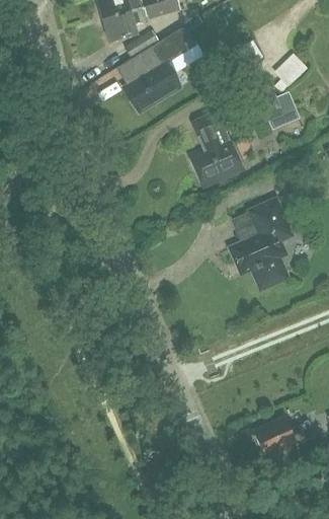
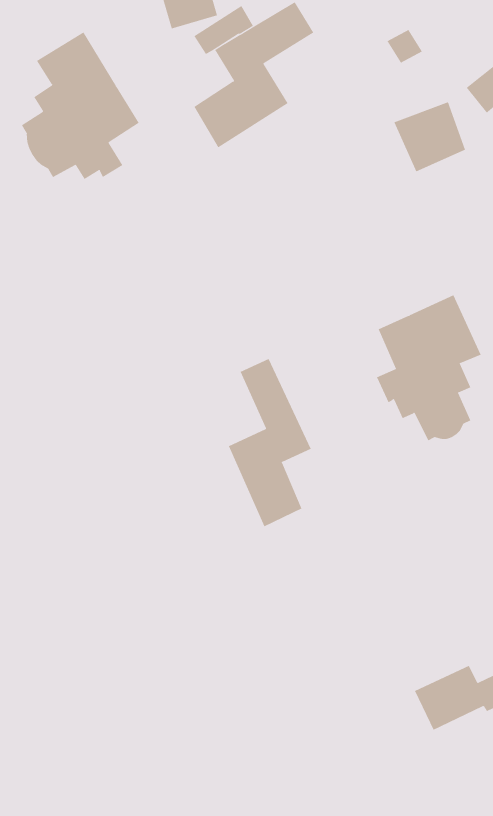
building: none -> [21,31,139,180]
building: [188,115,245,189] -> none
building: none -> [228,358,311,527]

